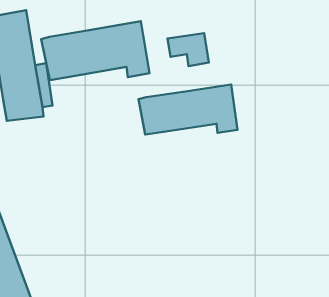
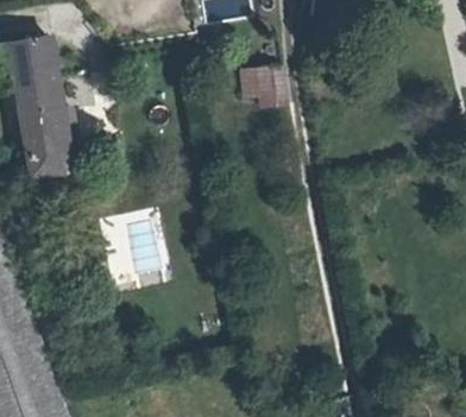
building: [41,21,149,80] -> none
building: [138,84,238,135] -> none

